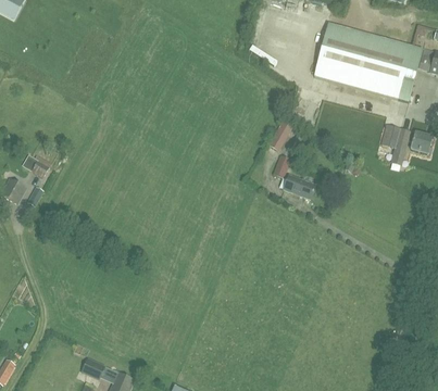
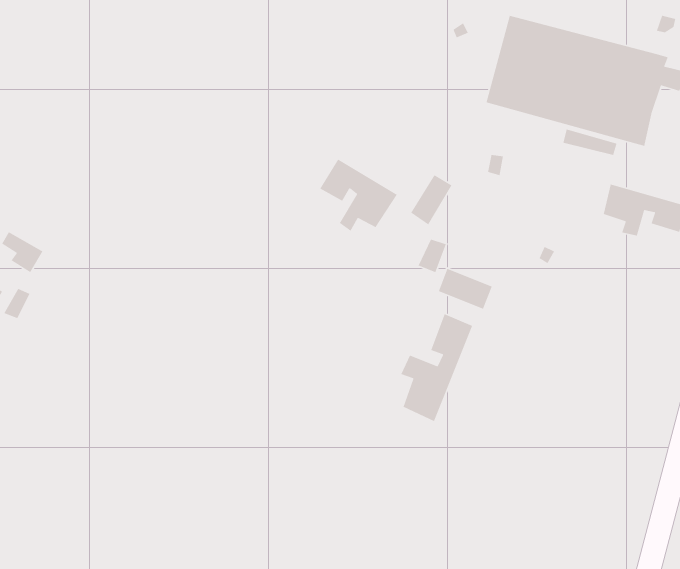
building: none -> [319,159,398,232]
building: none -> [400,313,473,422]

